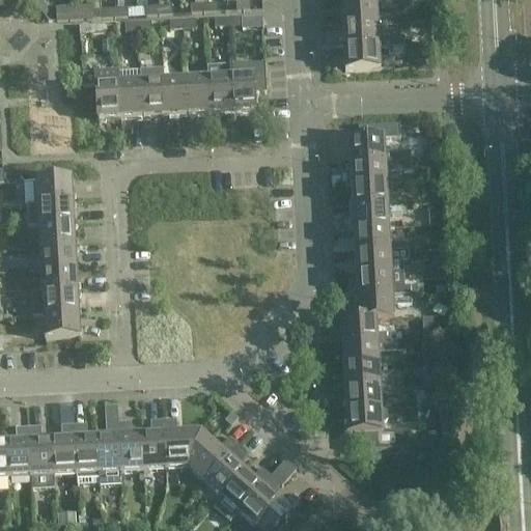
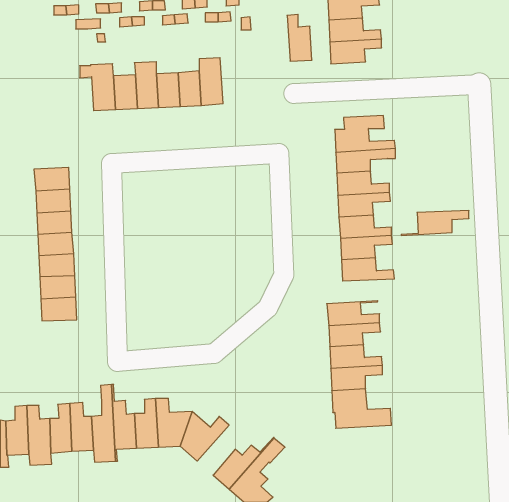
building: [229,59,255,108] -> [287,14,312,61]
building: [340,290,411,316] -> [401,211,469,235]
building: [205,443,247,495] -> none

